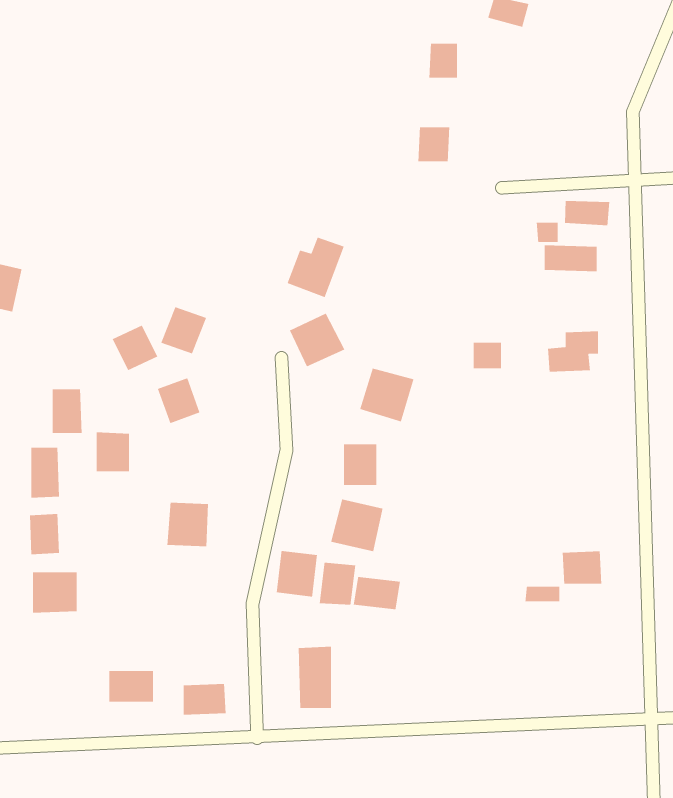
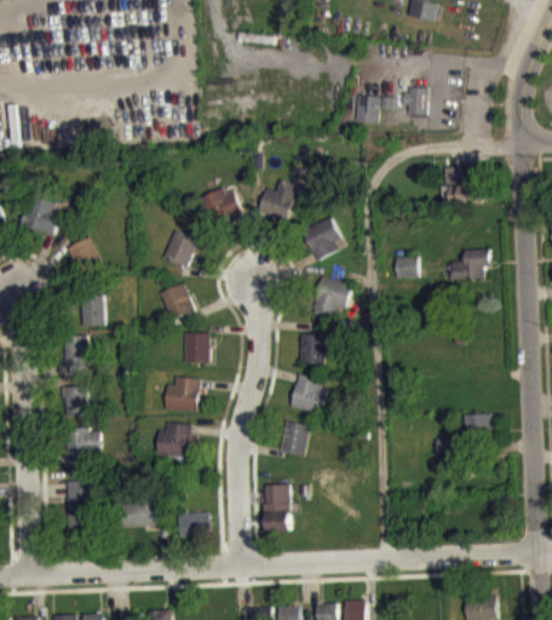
building: [429,43,458,78] -> [404,87,426,114]
building: [564,200,610,226] -> none
building: none -> [200,188,242,225]
building: [289,312,345,367] -> [301,217,344,258]
building: [112,324,158,371] -> [65,237,100,272]
building: [96,432,130,472] -> [183,332,208,362]
building: [276,550,318,597] -> none
building: none -> [157,423,190,457]
building: [353,576,401,610] -> none
building: none -> [67,481,91,526]

